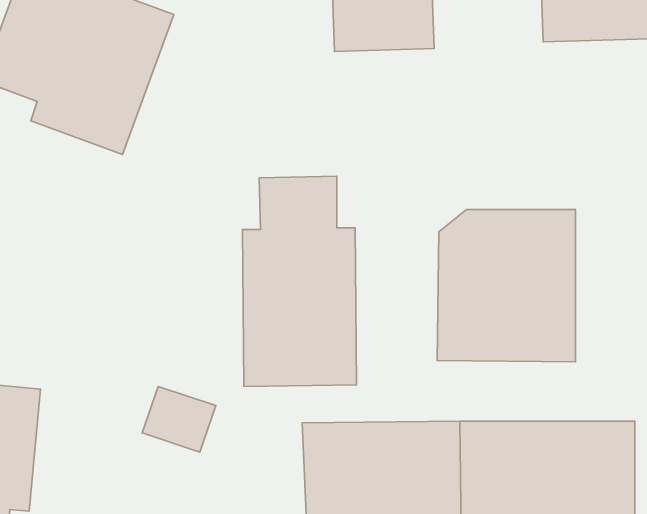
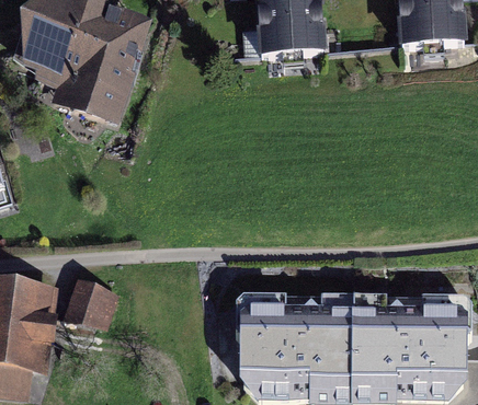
building: [242,176,357,387] -> none
building: [437,210,576,362] -> none
building: [142,386,216,452] -> [72,280,123,325]

